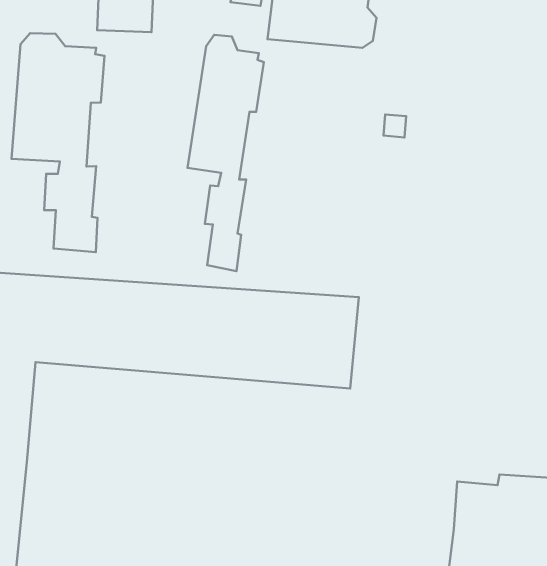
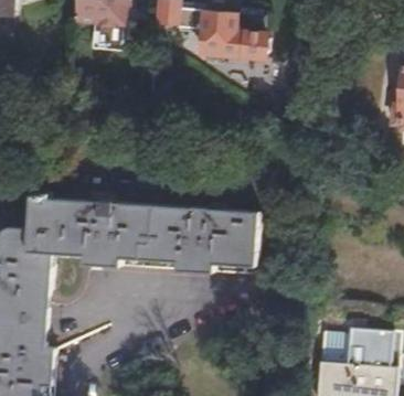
building: [11,33,105,252] -> none
building: [187,35,264,271] -> none

